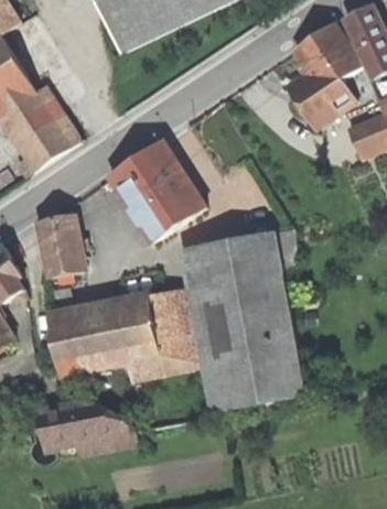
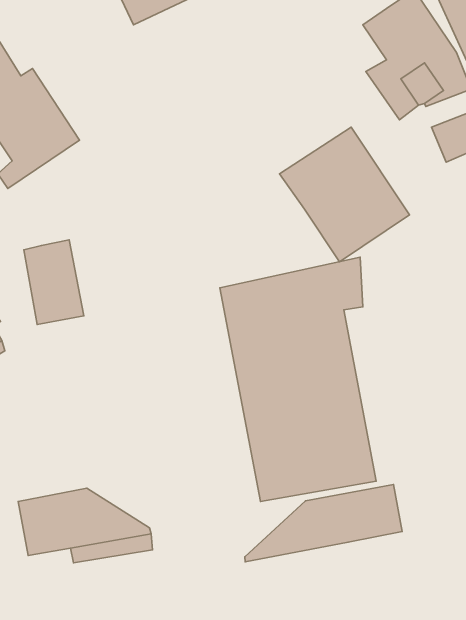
building: [107,141,205,242] -> [280,127,410,262]
building: [49,291,203,378] -> none
building: none -> [245,485,402,562]

